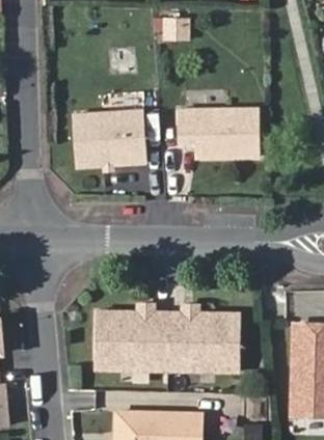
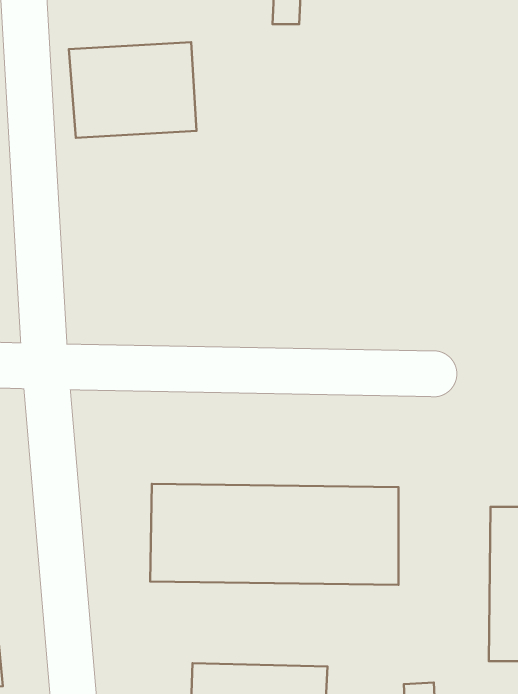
building: [180,113,262,161] -> none
building: [75,115,150,171] -> [69,42,197,138]

